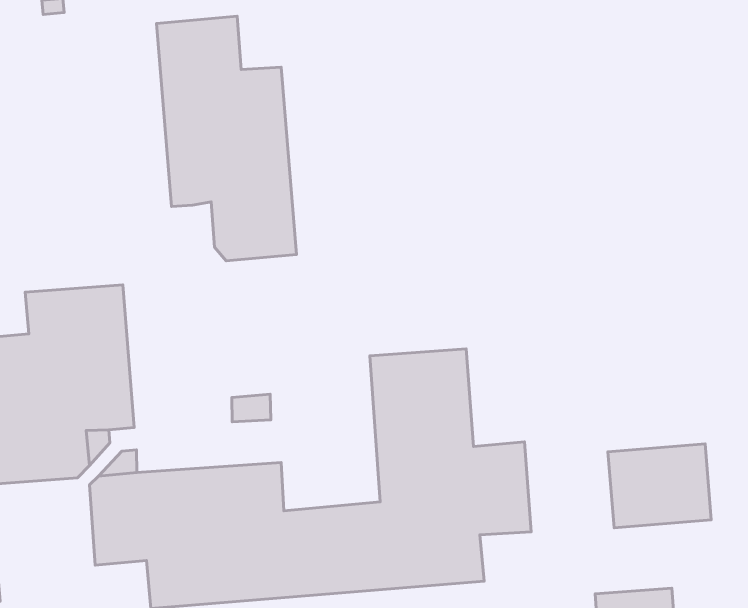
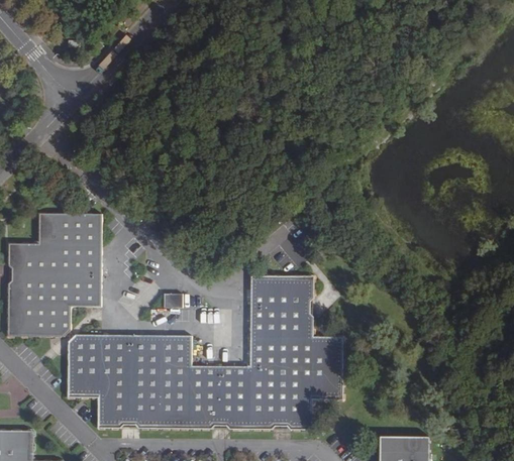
building: [156,16,297,261] -> none
building: [608,444,711,528] -> none

